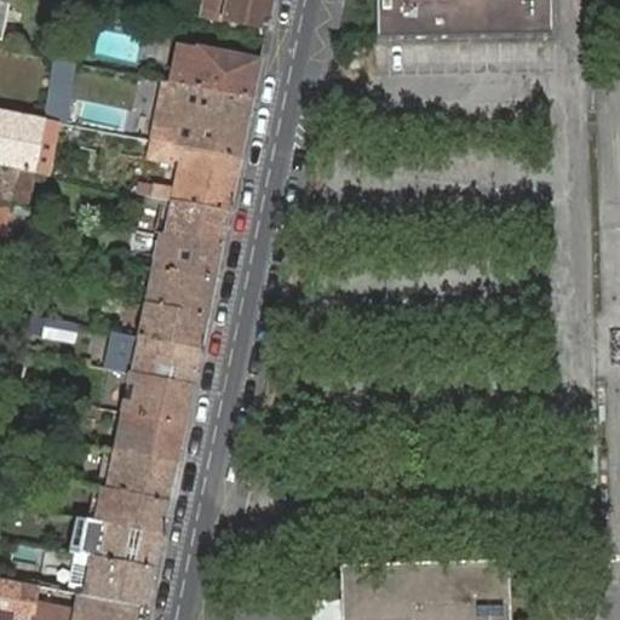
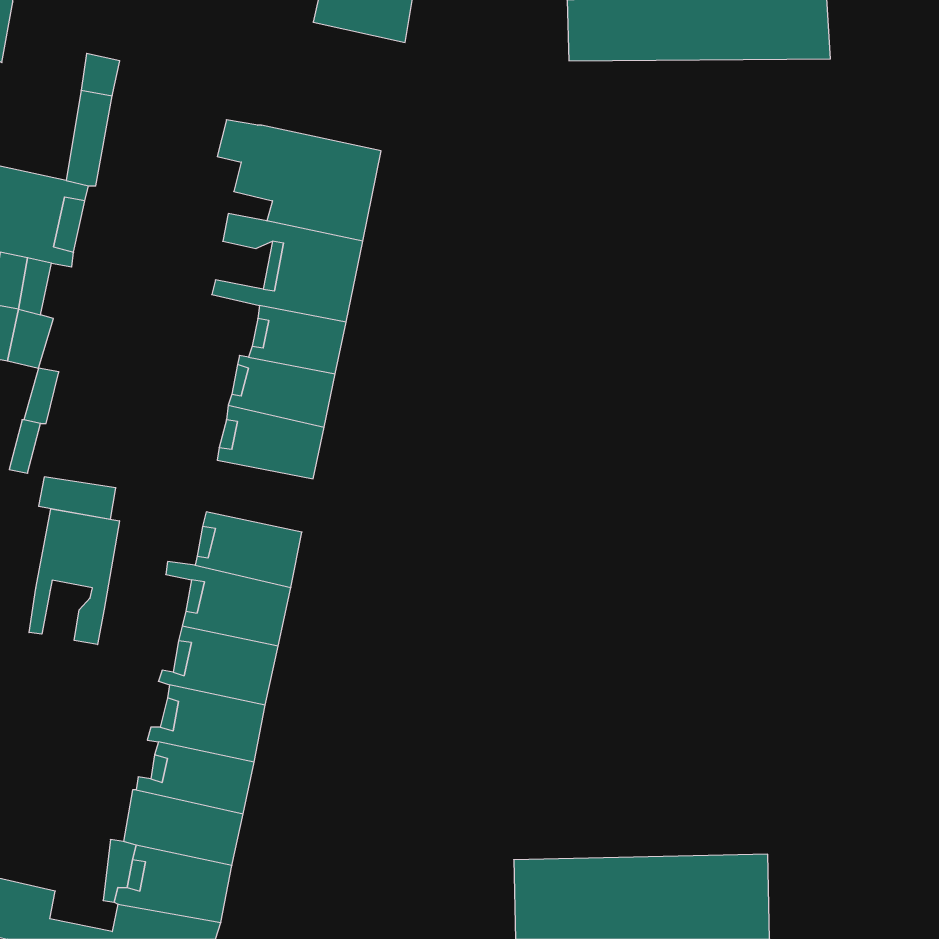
building: [172,44,259,99] -> none
building: [136,303,206,350] -> none
building: none -> [29,509,119,645]

